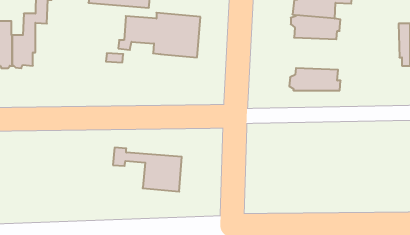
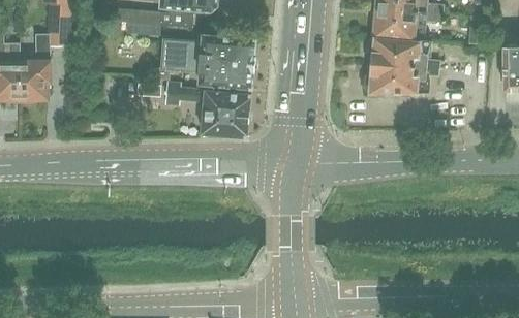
building: [289,68,341,90] -> [363,66,427,94]
building: [113,148,182,192] -> [163,84,249,138]

